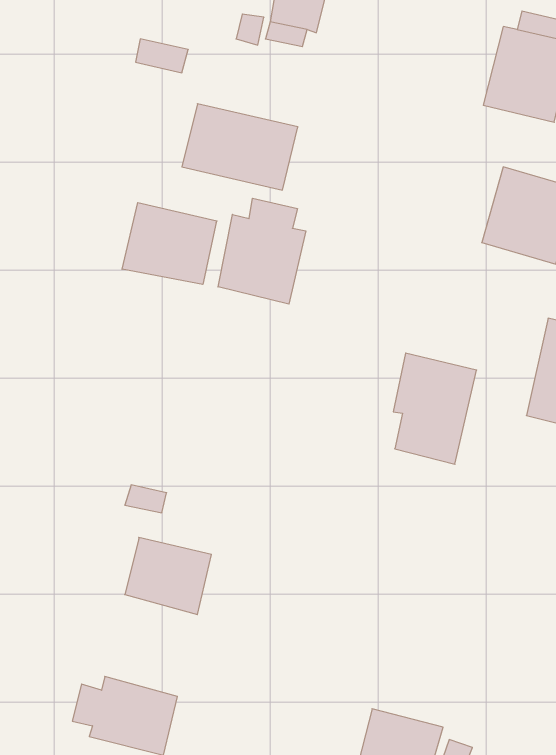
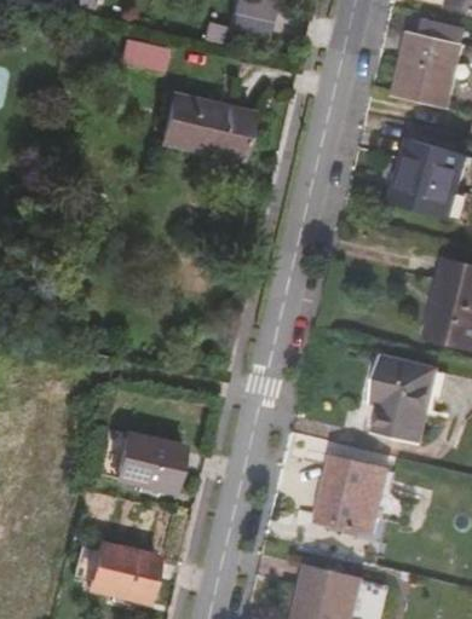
building: [218,198,306,304] -> none
building: [122,203,217,284] -> none
building: [393,353,477,464] -> [372,355,437,442]
building: none -> [316,455,387,533]

